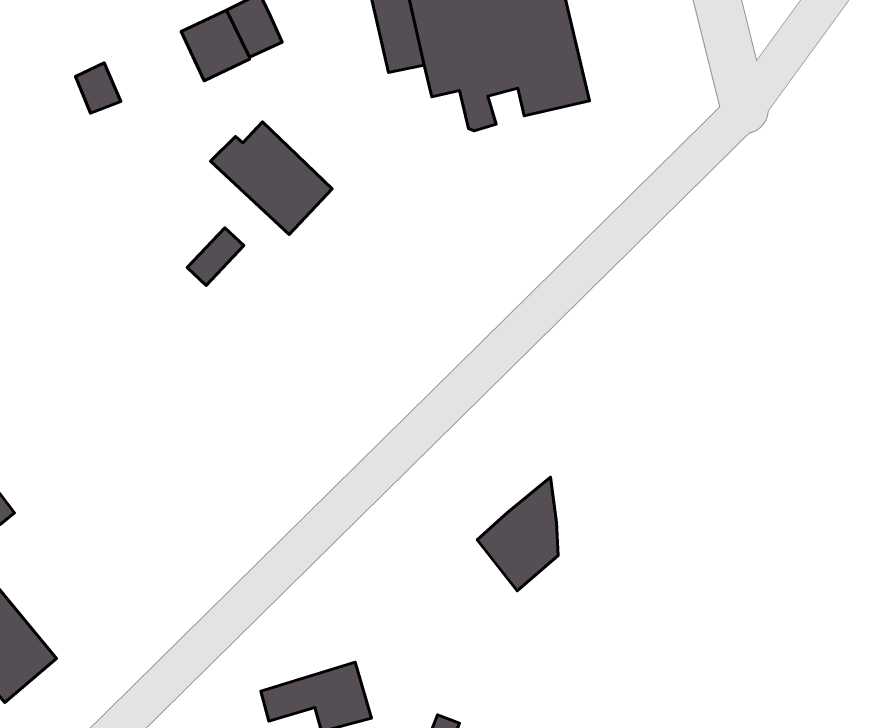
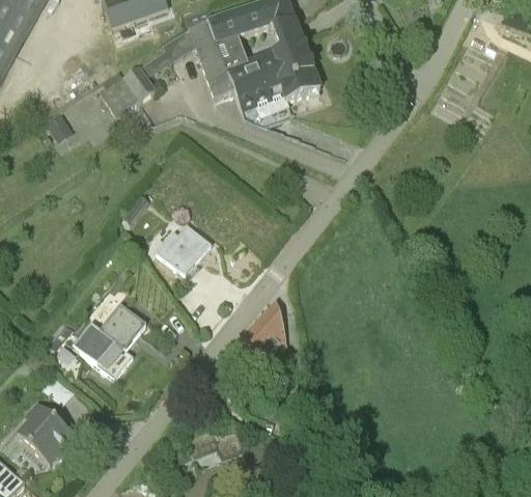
building: [210,122,332,234] -> none
building: none -> [157,223,212,275]
building: none -> [73,302,146,377]
building: [477,477,558,591] -> [242,301,286,364]

